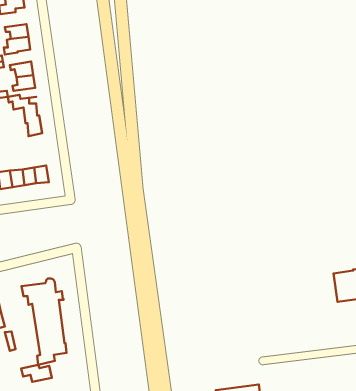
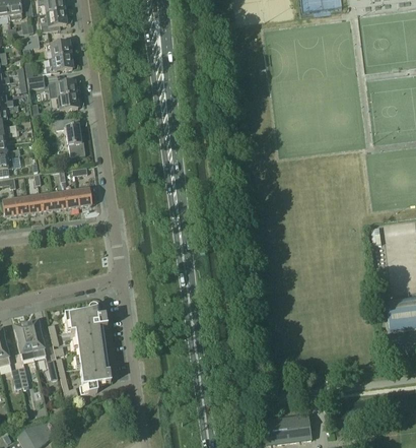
building: [21,365,52,382] -> none

